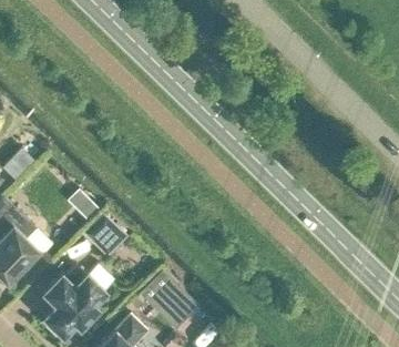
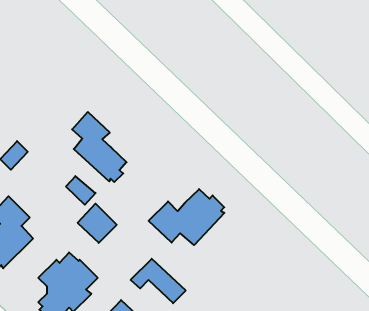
building: none -> [72,112,127,182]
building: none -> [149,189,224,245]

